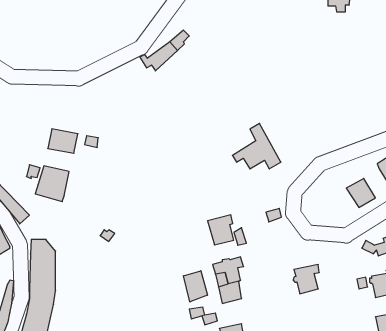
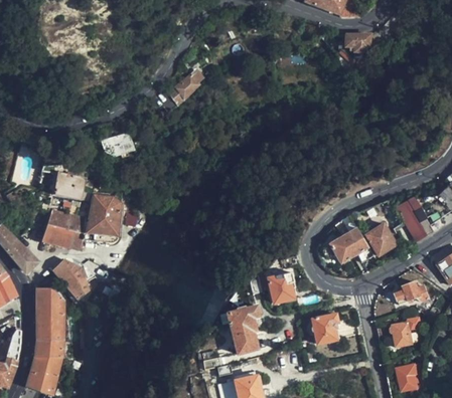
building: none -> [103,132,136,157]
building: [232,123,281,169] -> [323,215,373,262]
building: none -> [70,194,121,250]
building: none -> [54,259,89,298]
building: [208,215,234,245] -> [267,272,294,304]
building: [183,271,207,302] -> none

